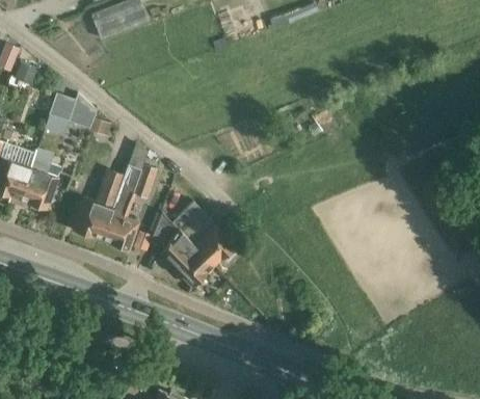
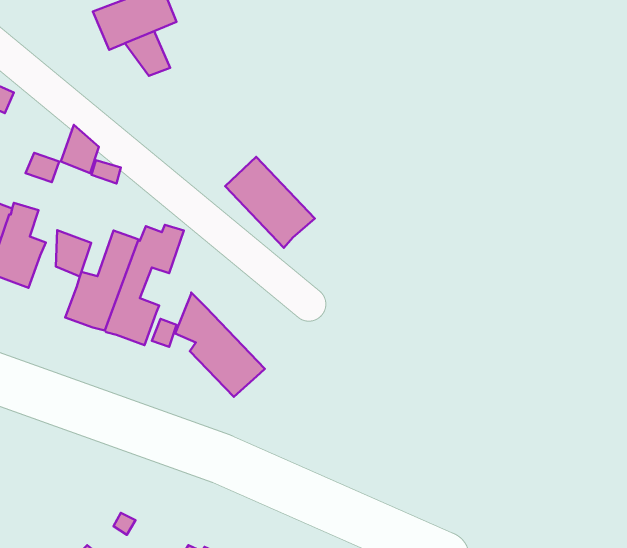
building: none -> [125,31,170,76]
building: none -> [56,230,91,276]
building: [171,202,235,266] -> [225,157,315,248]

